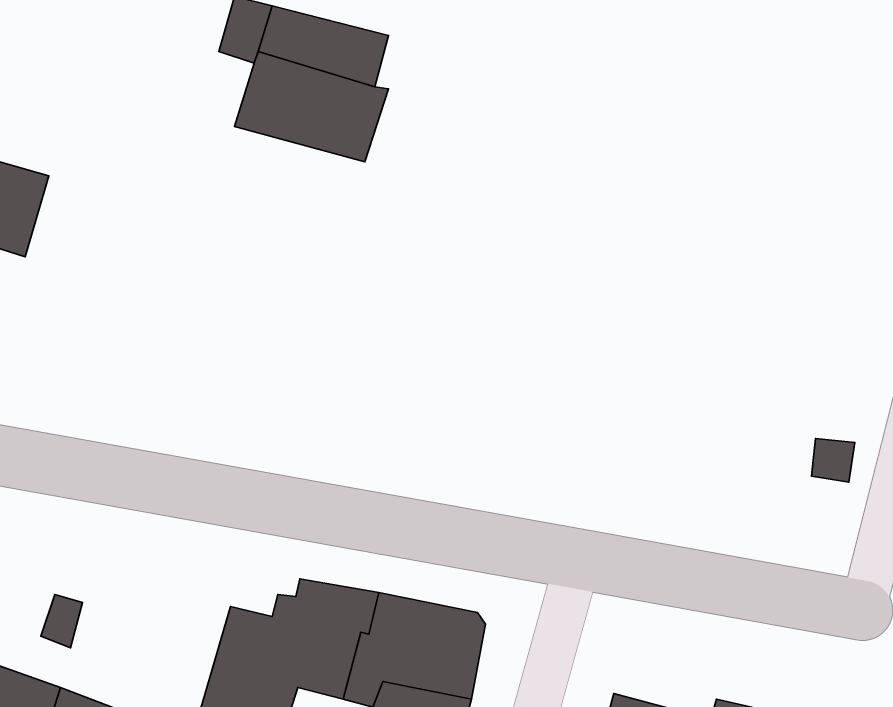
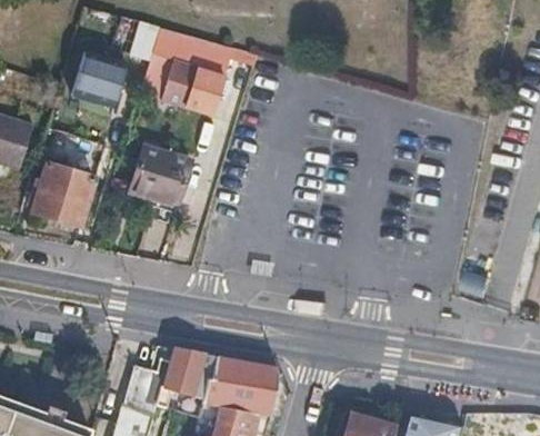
building: none -> [71,54,122,103]
building: none -> [129,145,190,205]
building: none -> [31,164,92,226]

